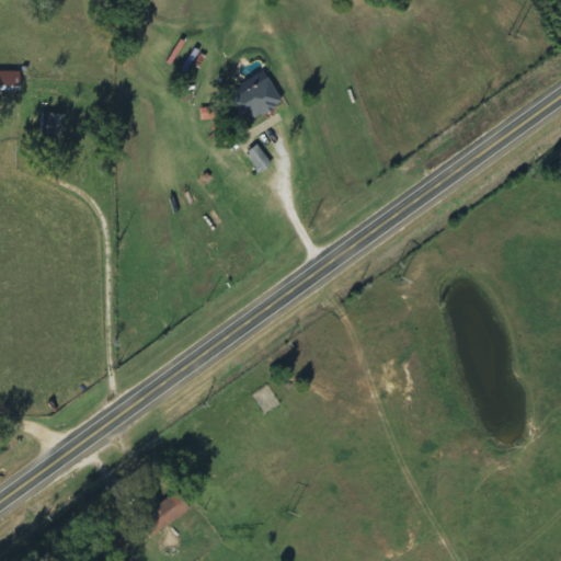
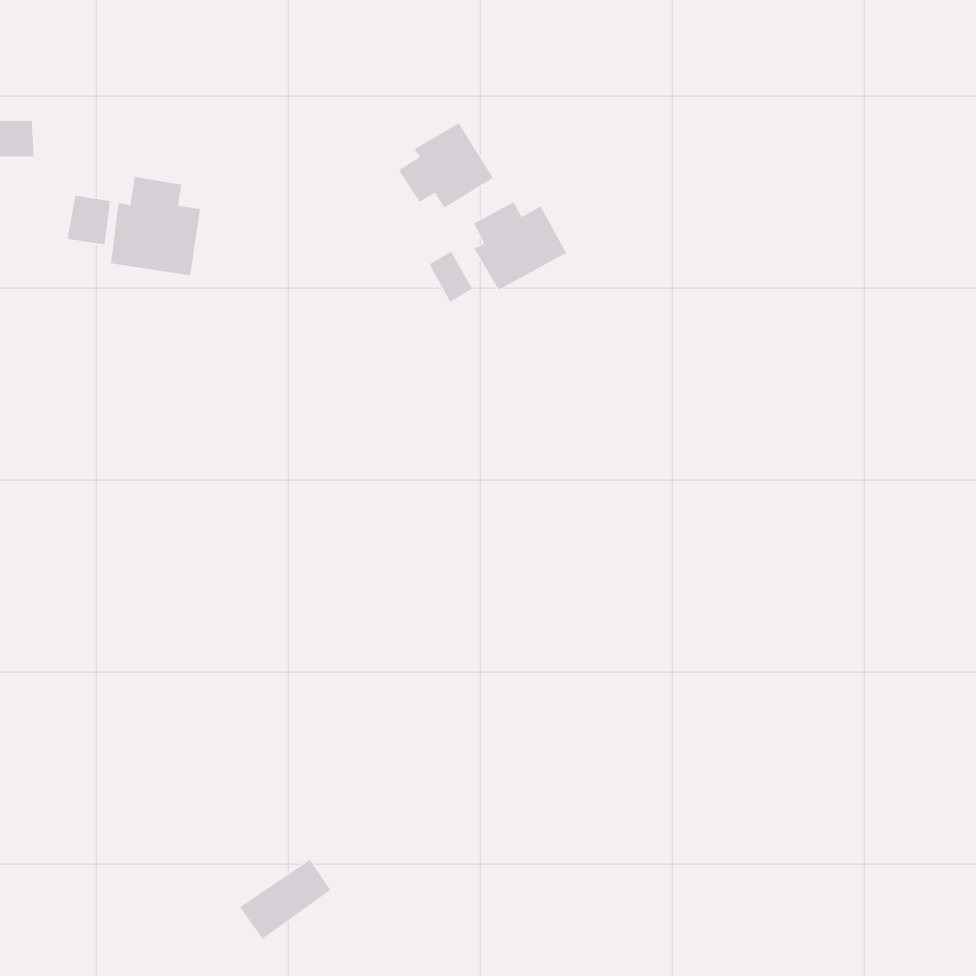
building: none -> [111,176,201,276]
building: none -> [473,201,567,291]

